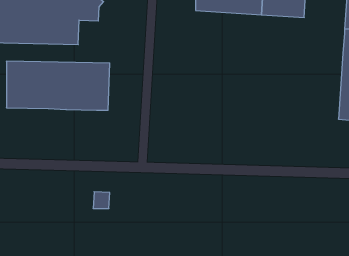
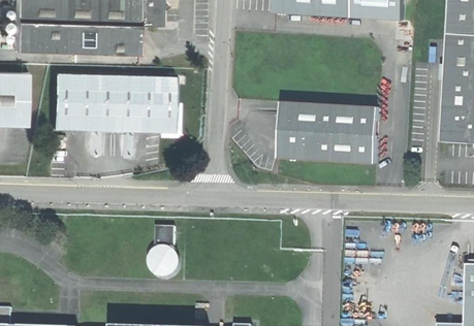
building: none -> [278,103,377,165]

